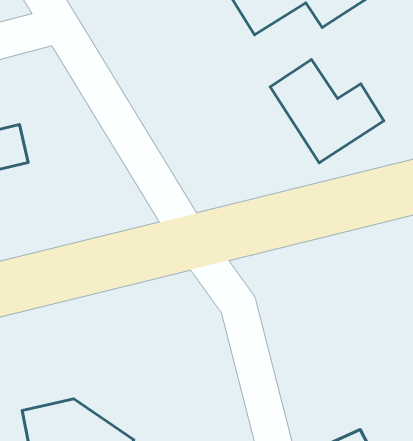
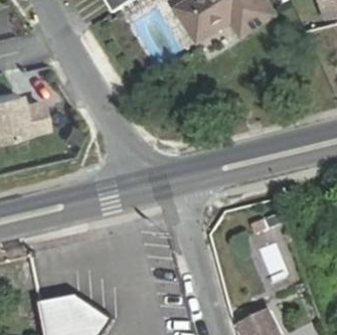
building: [270,59,384,163] -> none

